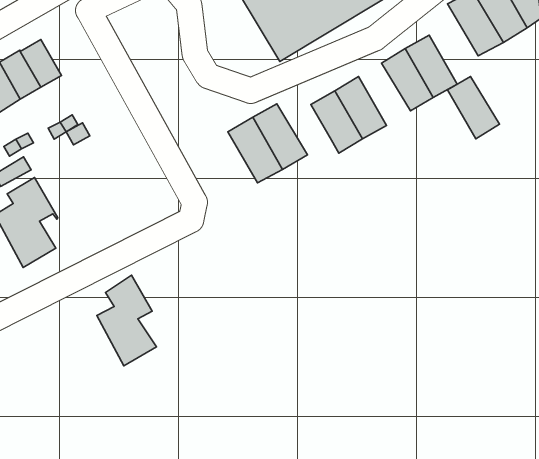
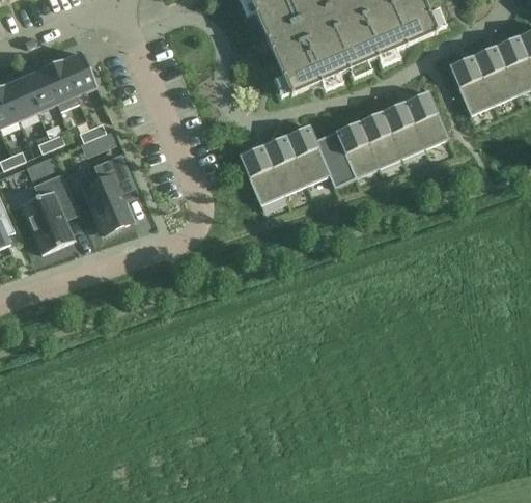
building: [448,77,500,139] -> [361,111,403,167]
building: none -> [285,125,330,185]
building: [97,275,156,366] -> [84,155,134,234]

